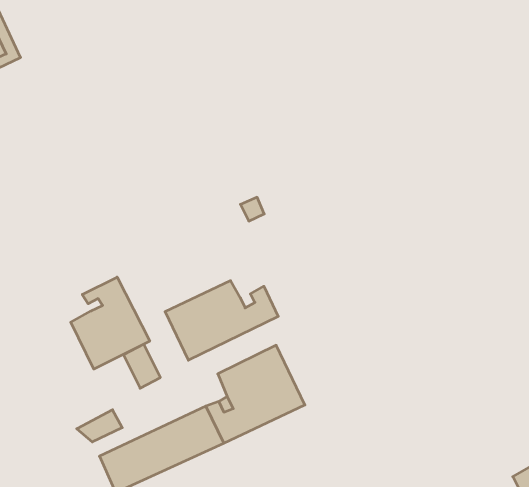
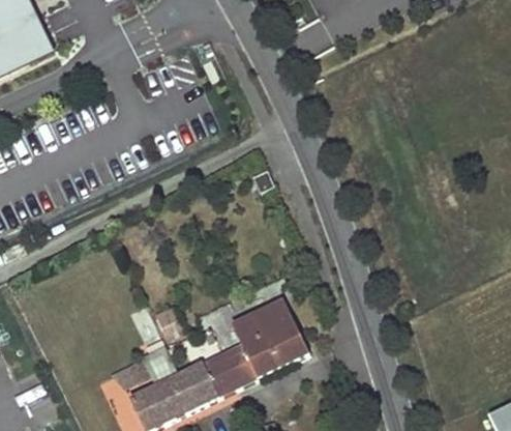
building: [71,277,150,369] -> none
building: [165,281,278,360] -> none

